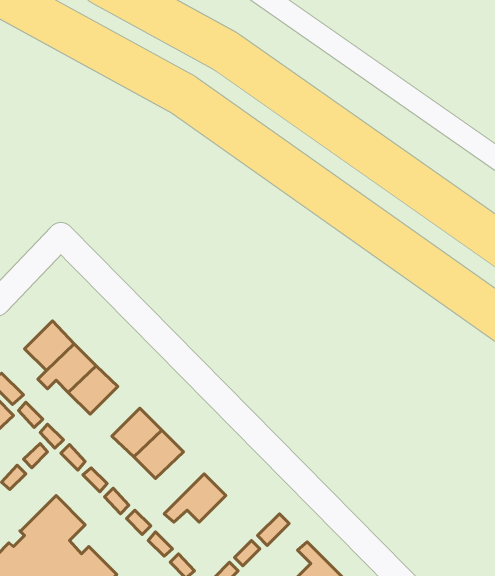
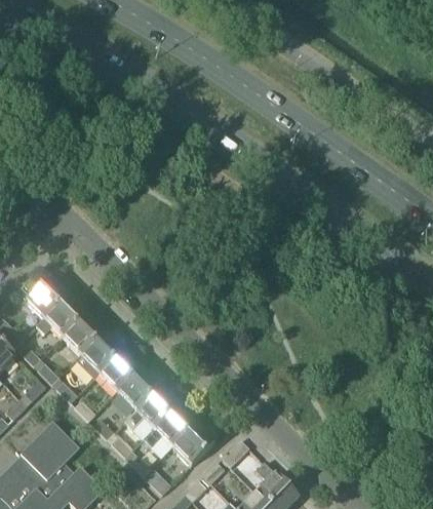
building: none -> [76,331,123,379]
building: none -> [125,387,178,430]
building: none -> [173,424,214,465]

